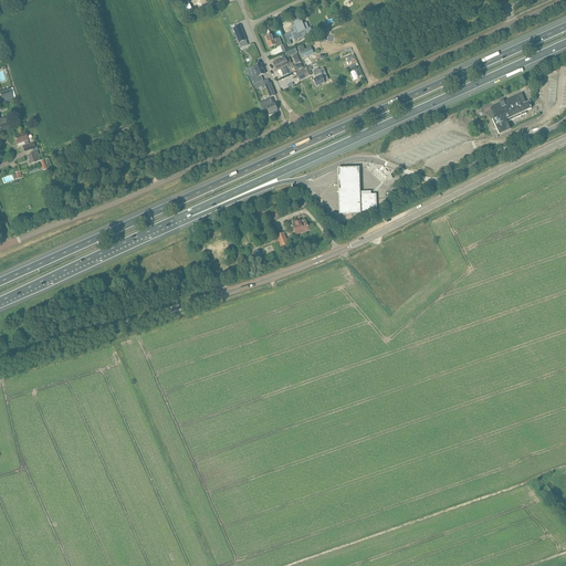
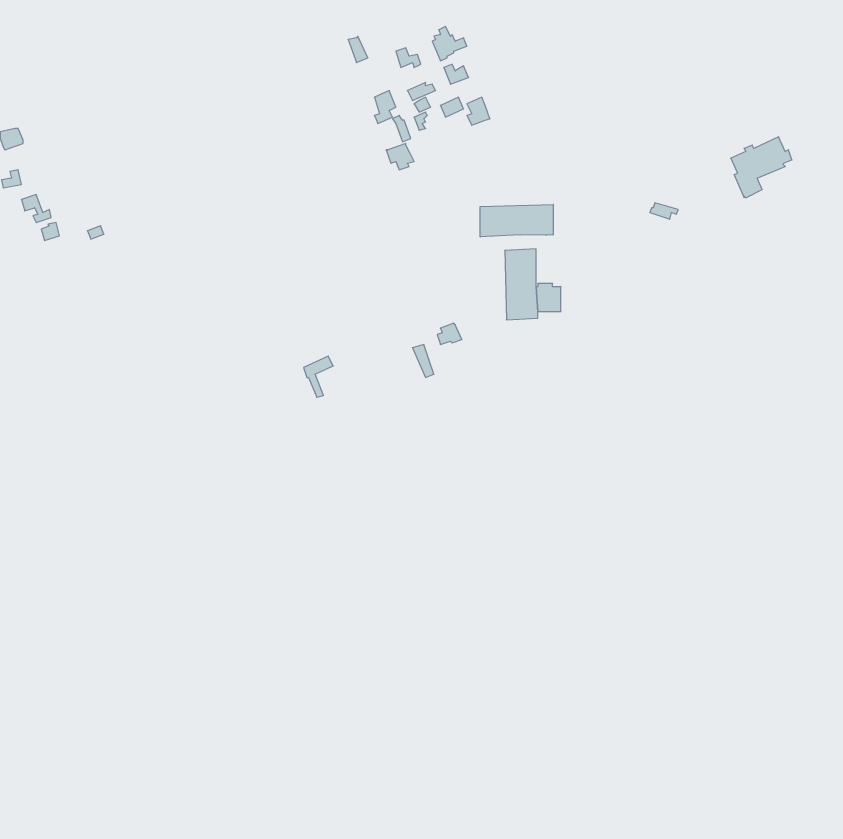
building: none -> [480,204,553,237]

